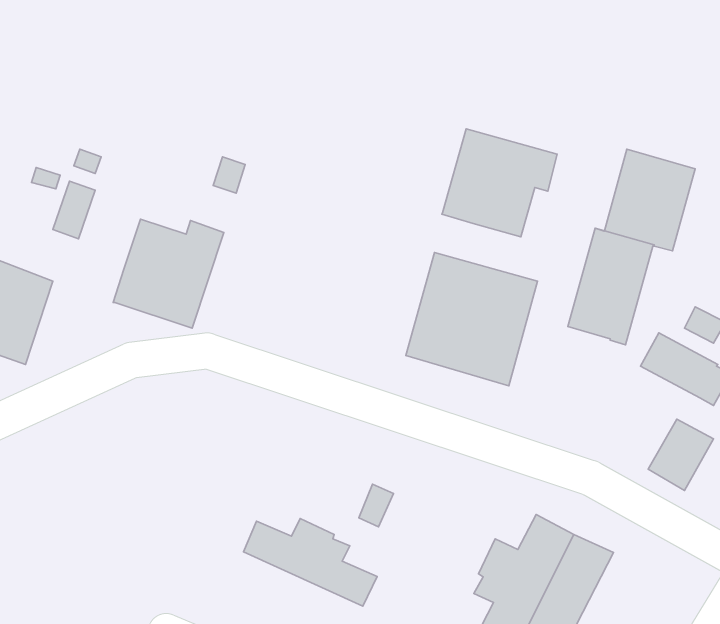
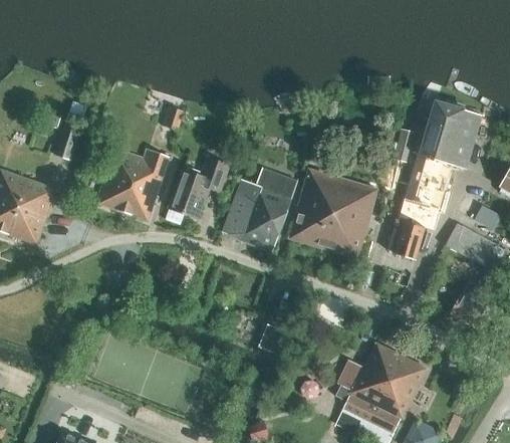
building: [442,129,557,237] -> none
building: none -> [170,157,228,218]
building: none -> [222,168,297,251]
building: none -> [388,219,425,259]
building: [243,519,377,606] -> none

